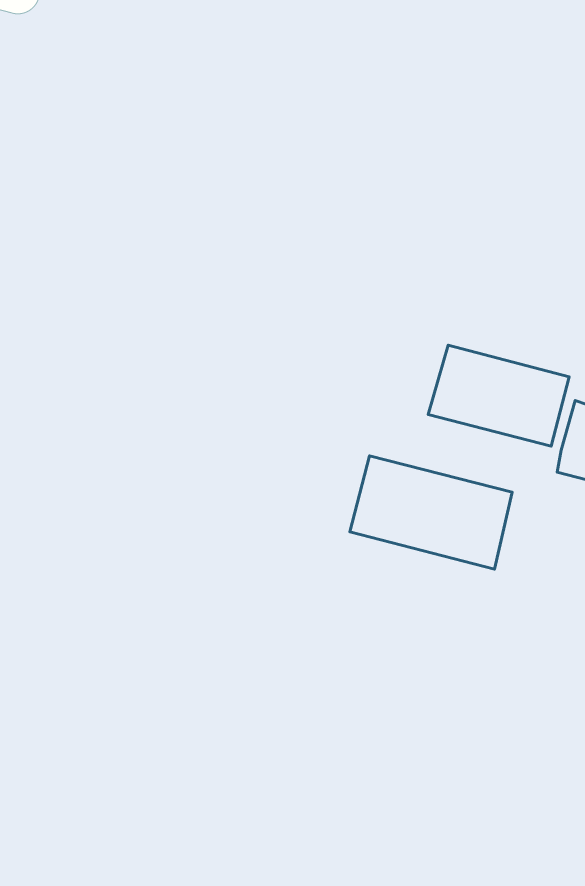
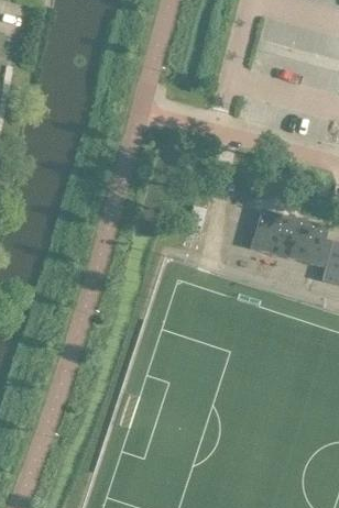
building: [350,456,512,569] -> none

